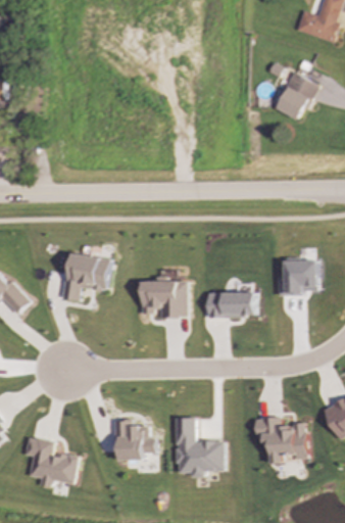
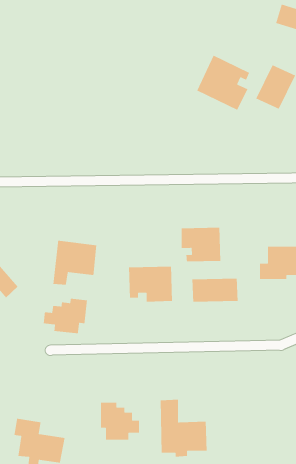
building: none -> [196,55,250,111]
building: none -> [181,227,221,262]
building: none -> [43,298,88,334]
building: [254,416,306,464] -> none

